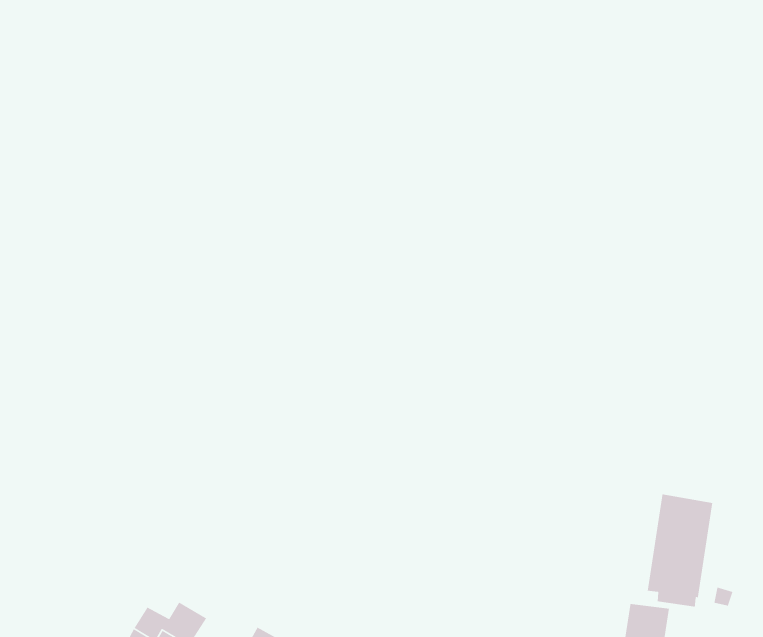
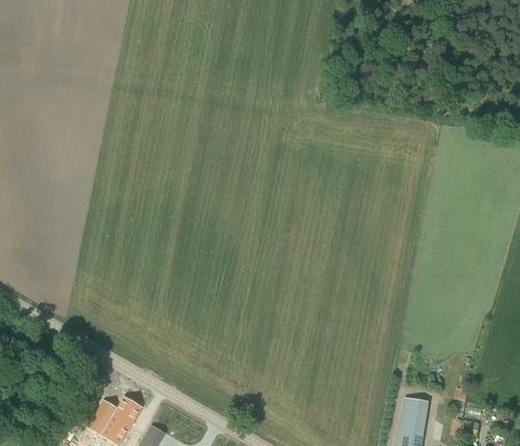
building: [647,493,713,607] -> none

